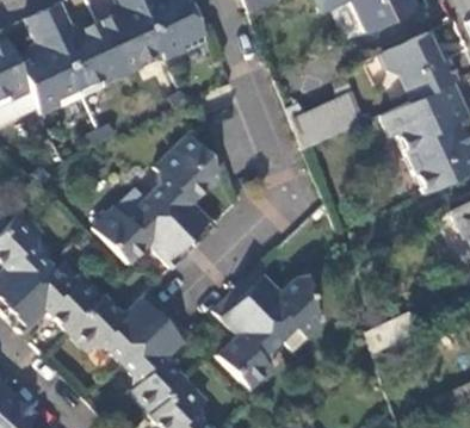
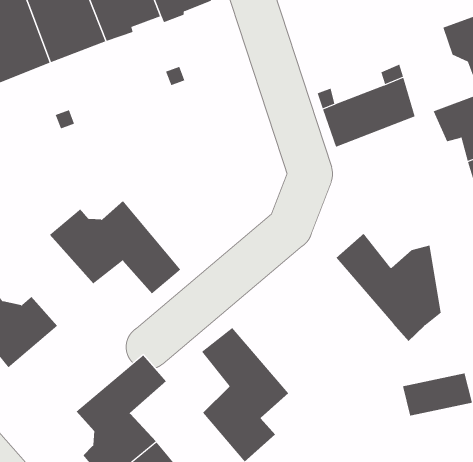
building: [144,136,214,248] -> none
building: [234,269,317,351] -> [336,233,442,342]
building: [64,292,167,361] -> none

